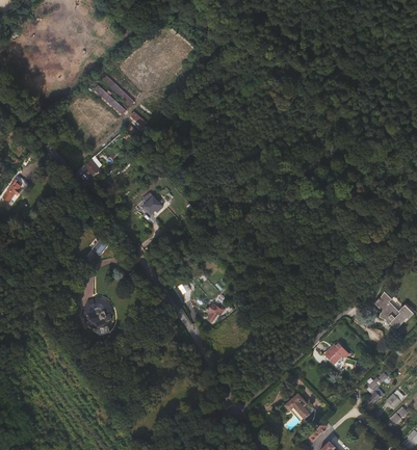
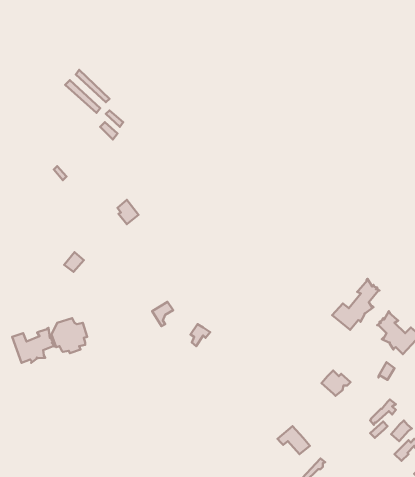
building: none -> [332,279,379,330]
building: none -> [12,328,54,363]

